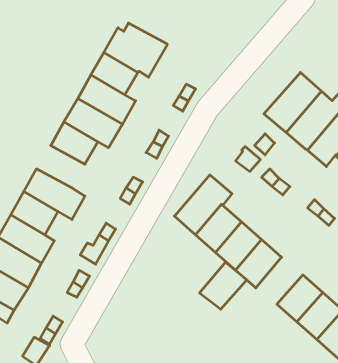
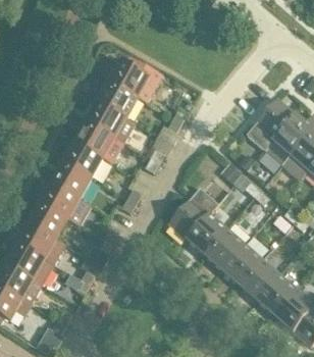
building: none -> [49,162,91,199]
building: [200,262,247,309] -> [239,259,279,300]

